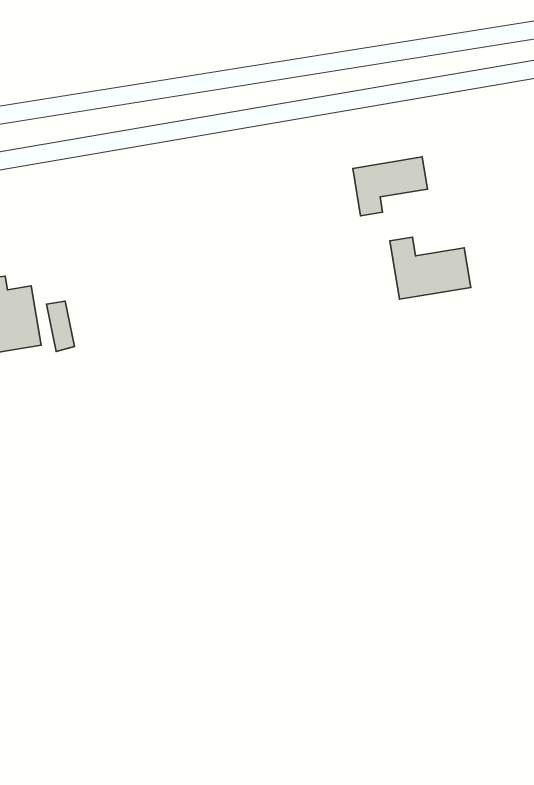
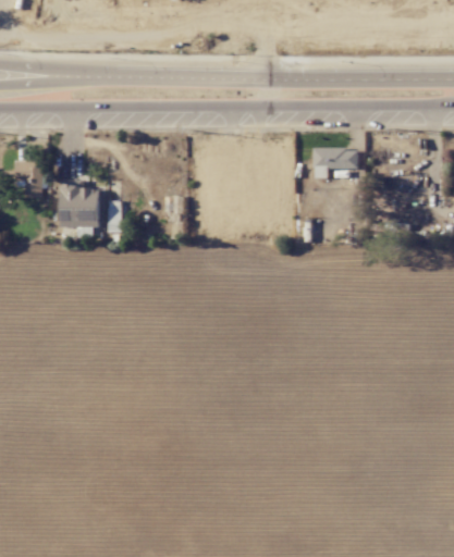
building: [390,237,471,299] -> none

